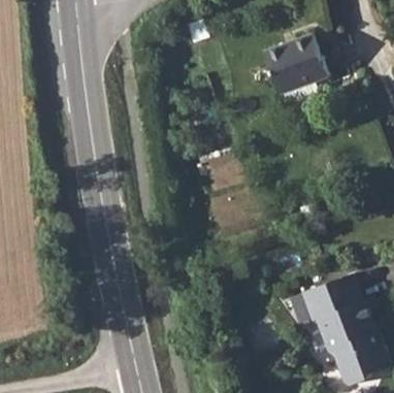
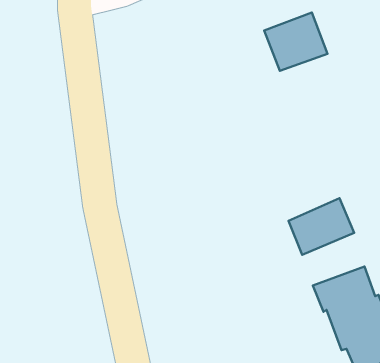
building: none -> [288,198,354,255]

